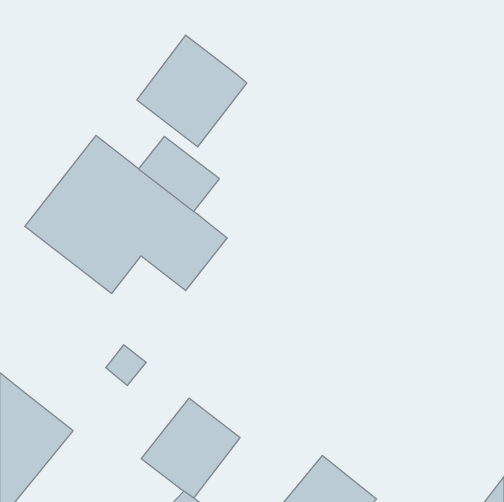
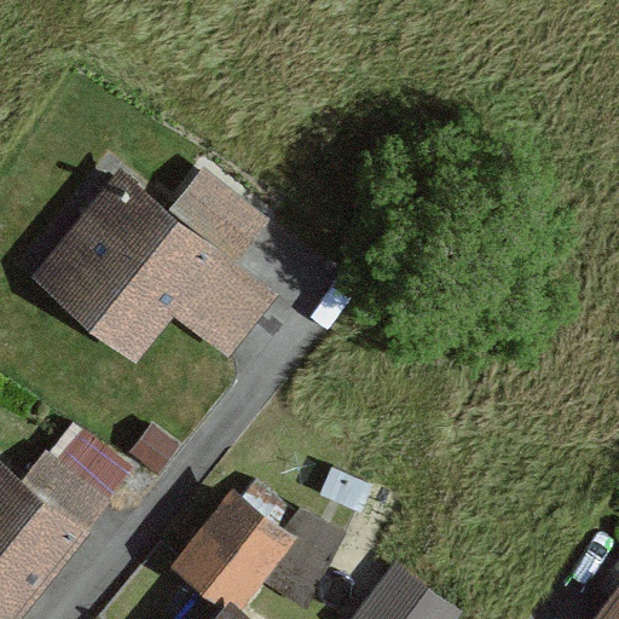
building: [137,35,247,147] -> none
building: none -> [27,423,135,531]

